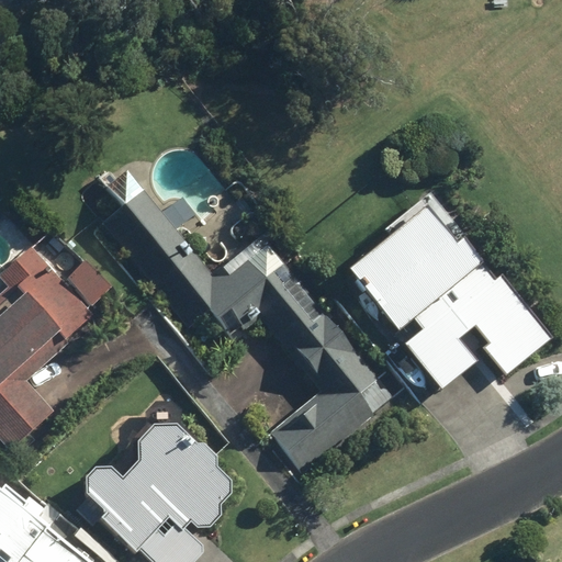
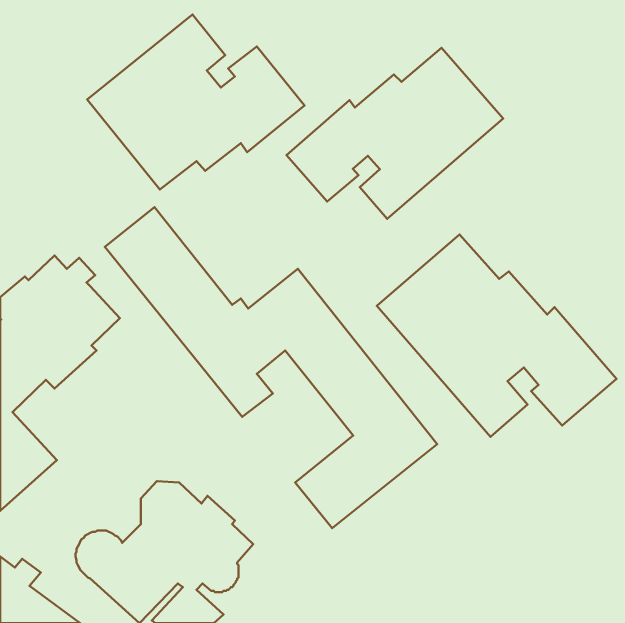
building: none -> [87,15,305,190]
building: none -> [287,48,503,219]

